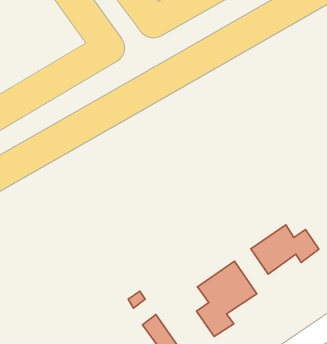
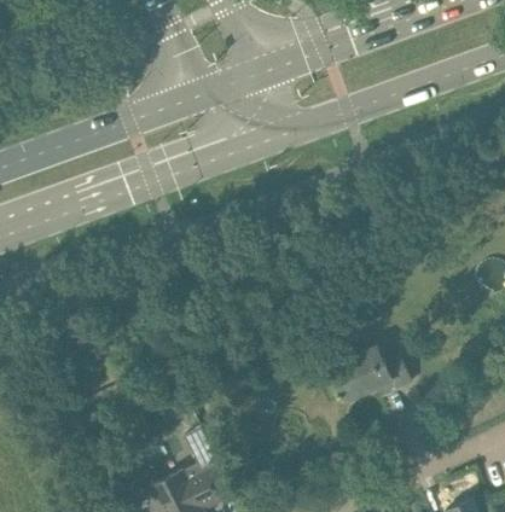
building: [196,261,257,337] -> none

